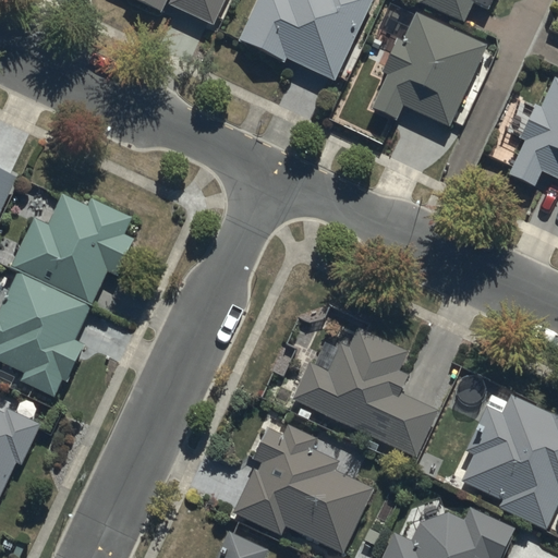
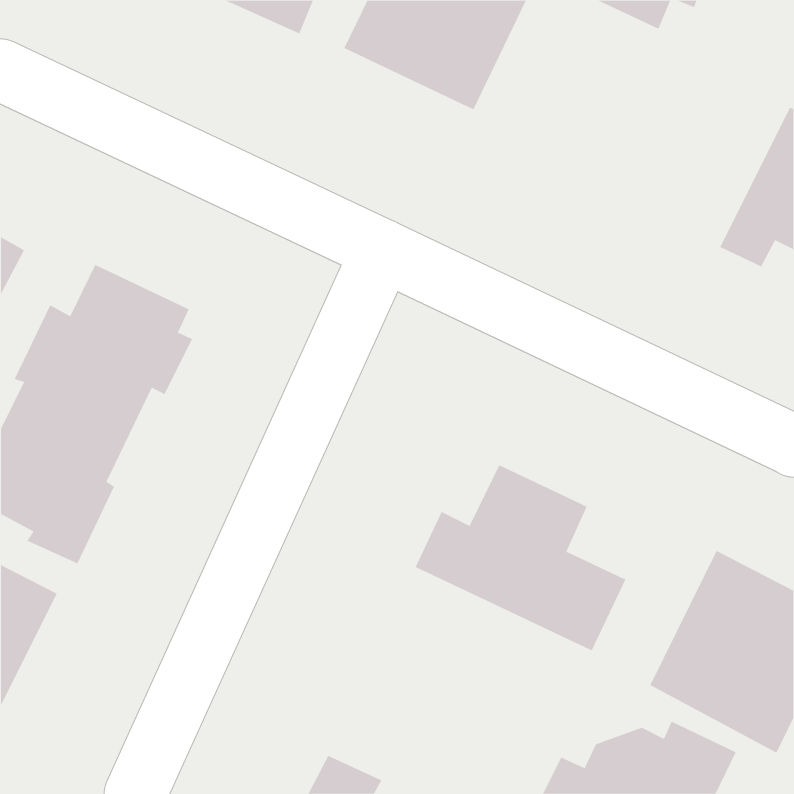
building: [368,11,485,125] -> none
building: [230,426,373,553] -> none

